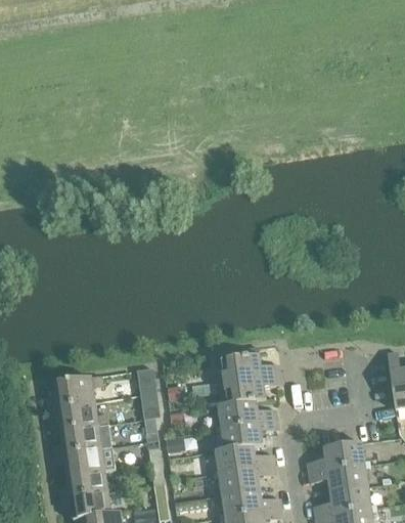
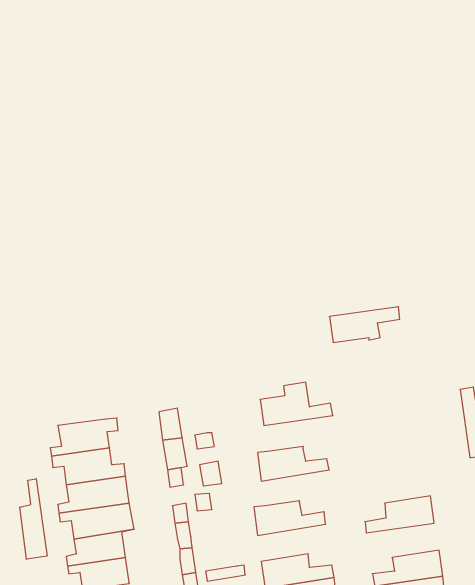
building: [223,375,281,404] -> [329,307,400,342]
building: [221,420,278,449] -> none
building: none -> [20,479,47,559]
building: [308,464,368,492] -> none
building: [218,465,276,495] -> none

